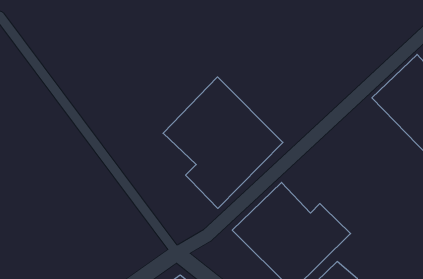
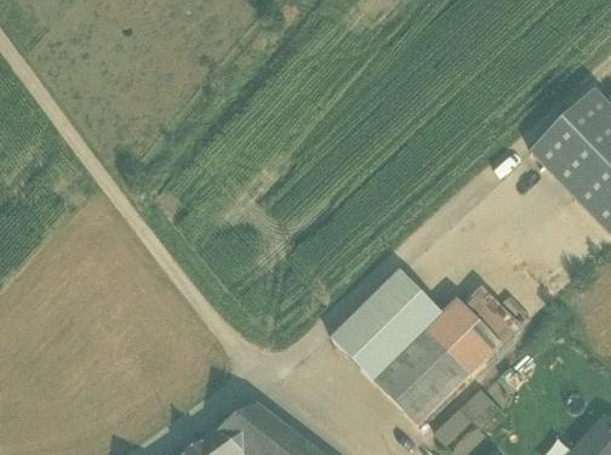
building: [163,77,283,208] -> none
building: none -> [462,286,520,343]

